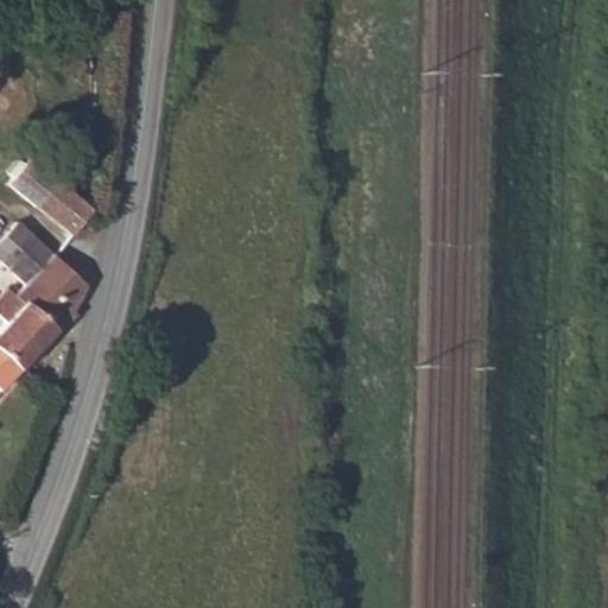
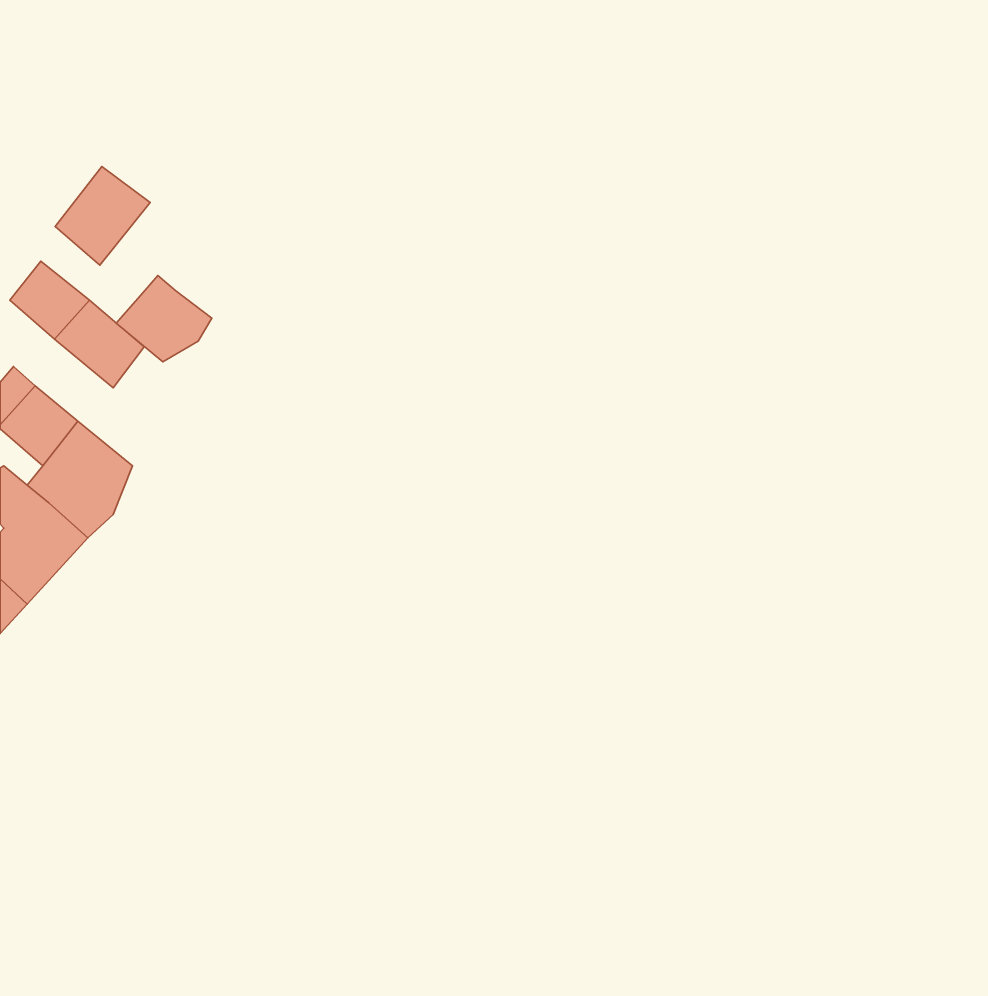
building: none -> [55,166,150,265]
building: none -> [116,276,212,362]

